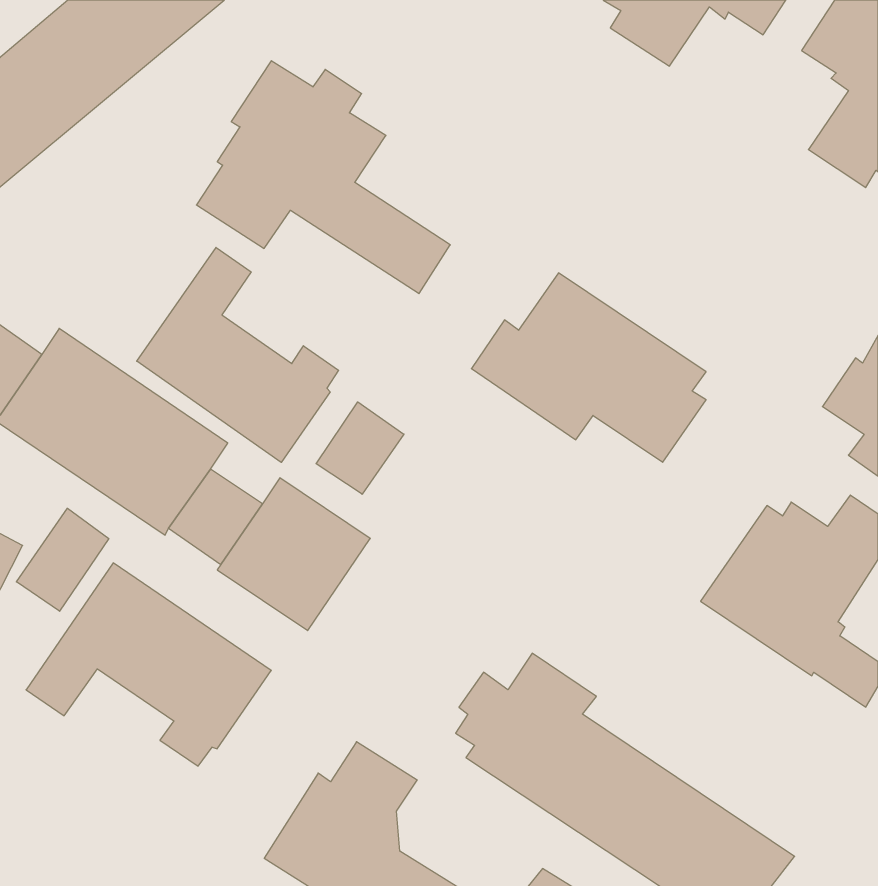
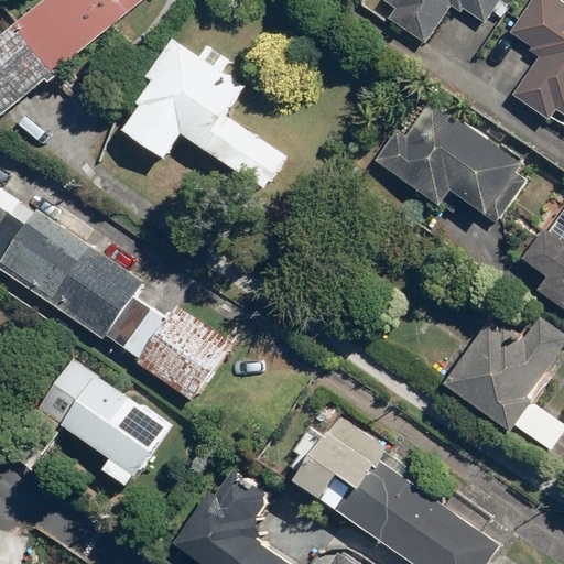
building: [137,247,339,462] -> none
building: [471,273,706,462] -> [375,100,523,220]
building: [316,402,404,494] -> none
building: [16,508,109,611] -> none

